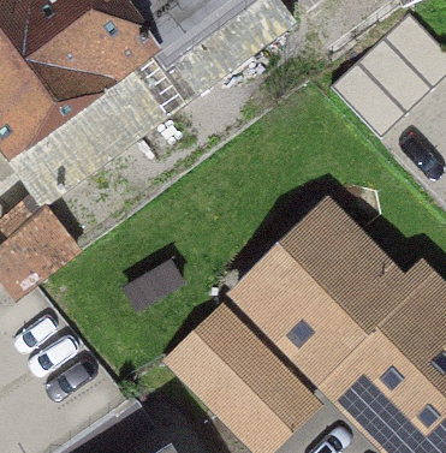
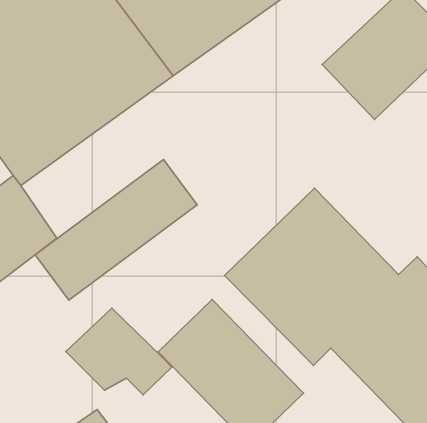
building: none -> [35,160,197,300]
building: none -> [66,308,172,395]

